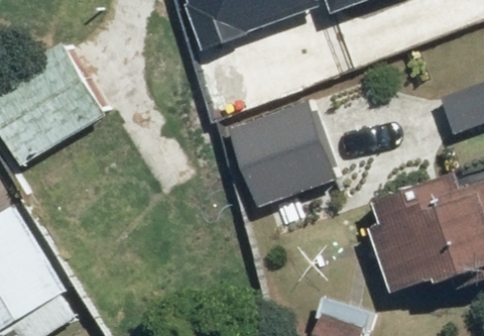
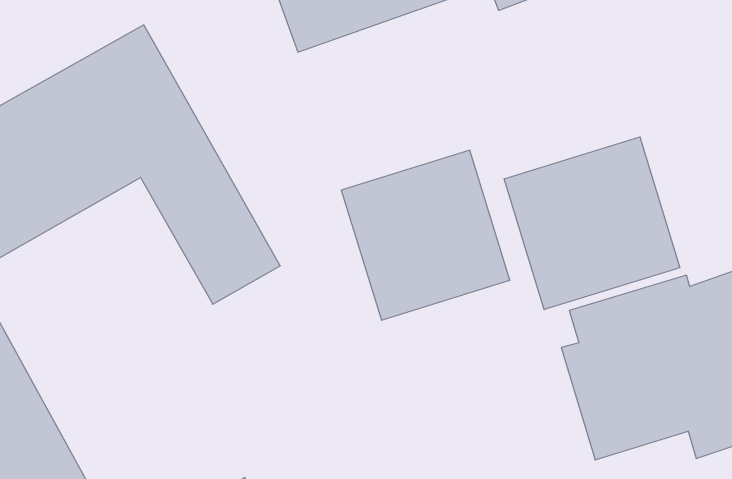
building: none -> [504,137,680,310]

